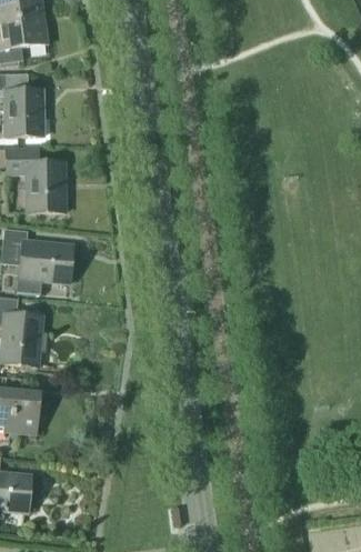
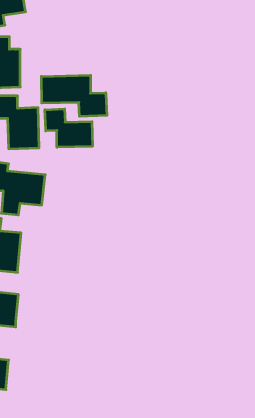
building: none -> [41,75,107,116]
building: none -> [45,109,92,147]

